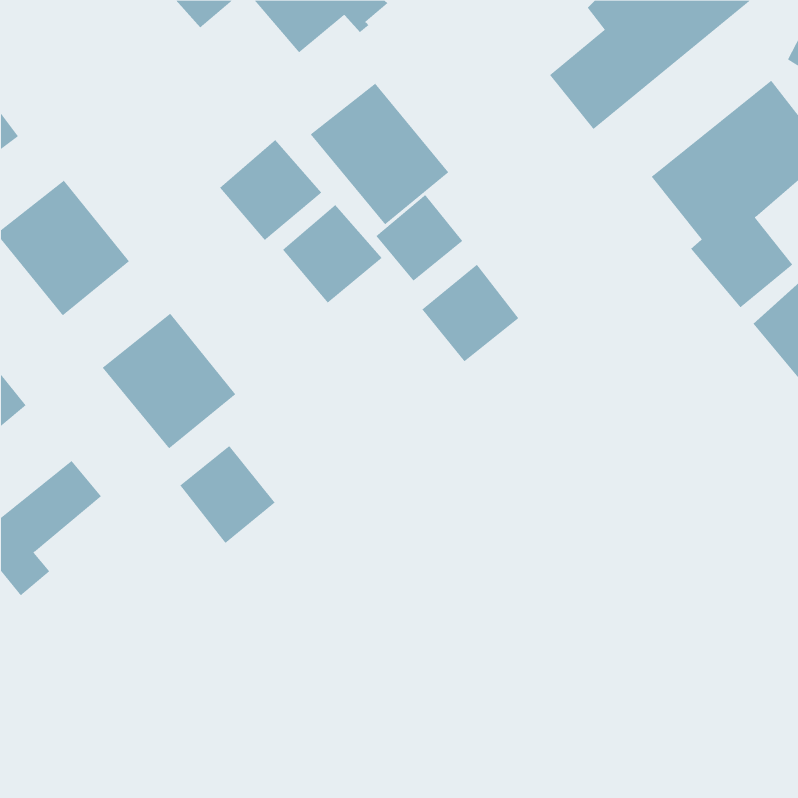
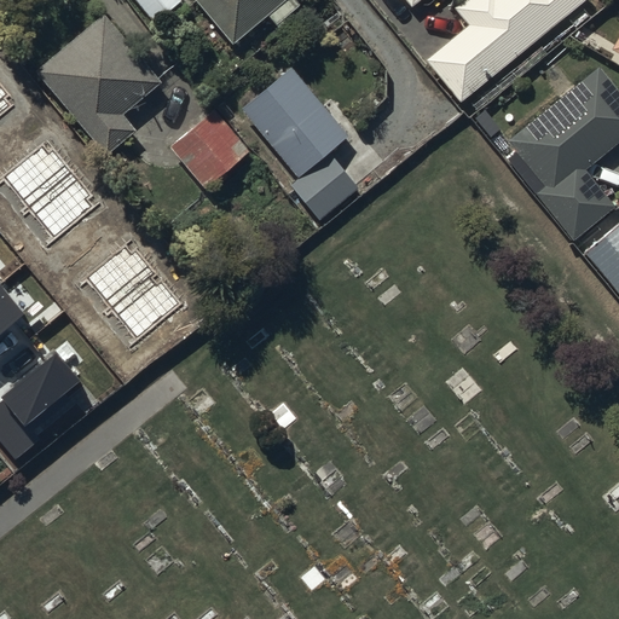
building: none -> [35,12,161,154]
building: [282,204,382,303] -> none
building: [421,264,519,362] -> none
building: [179,445,275,544] -> none

